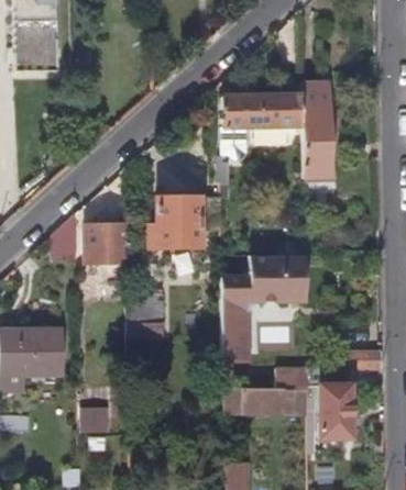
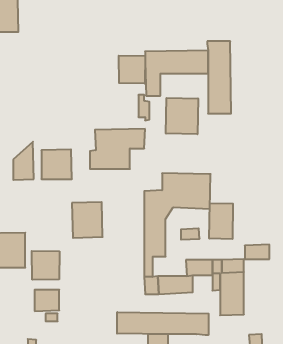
building: none -> [119,55,145,84]
building: none -> [166,98,198,134]
building: none -> [209,203,233,239]
building: none -> [32,251,59,280]
building: none -> [117,312,209,335]

